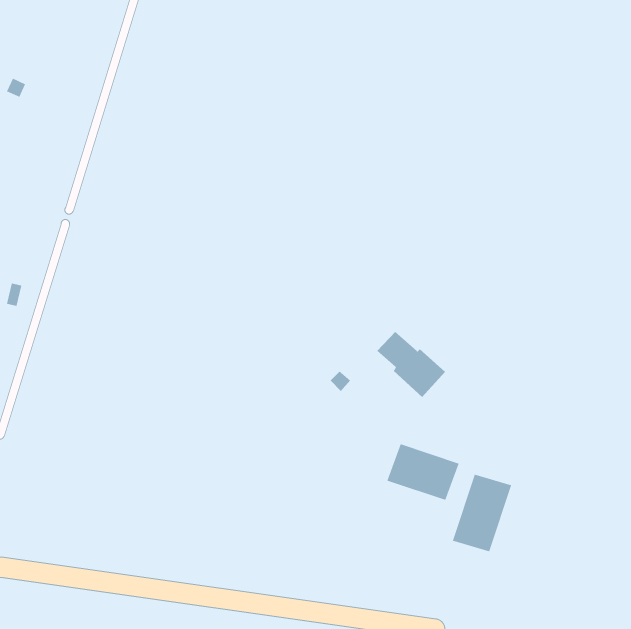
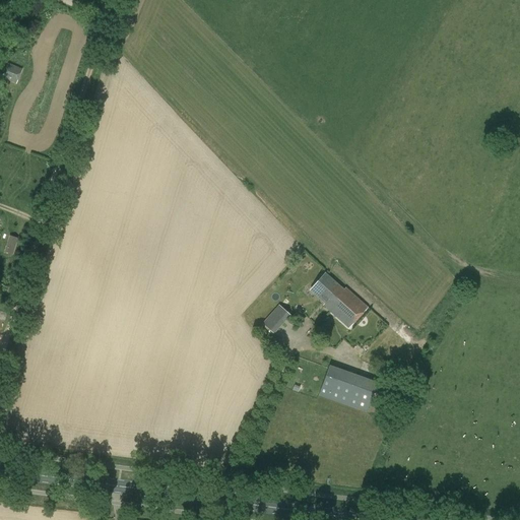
building: [452,474,512,552] -> none

